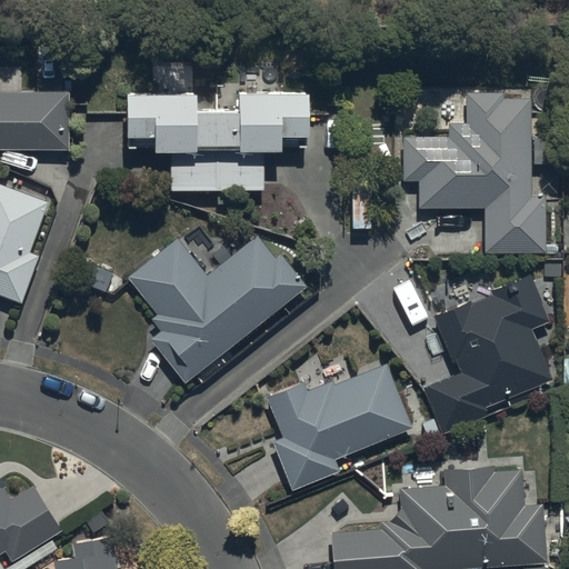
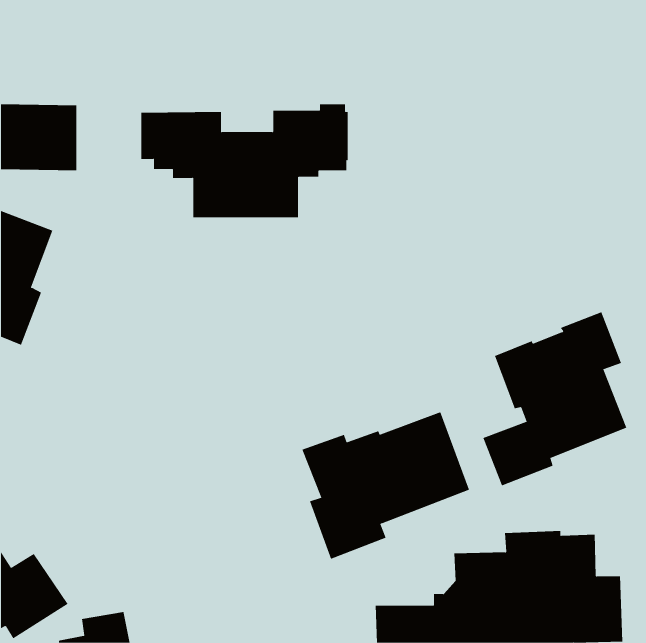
building: [402,93,545,253] -> none
building: [128,236,307,386] -> none

